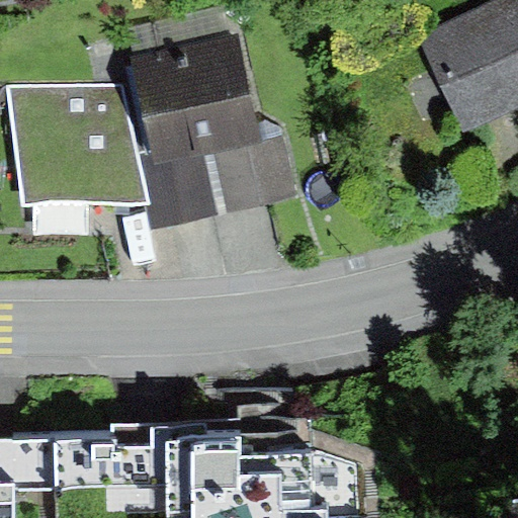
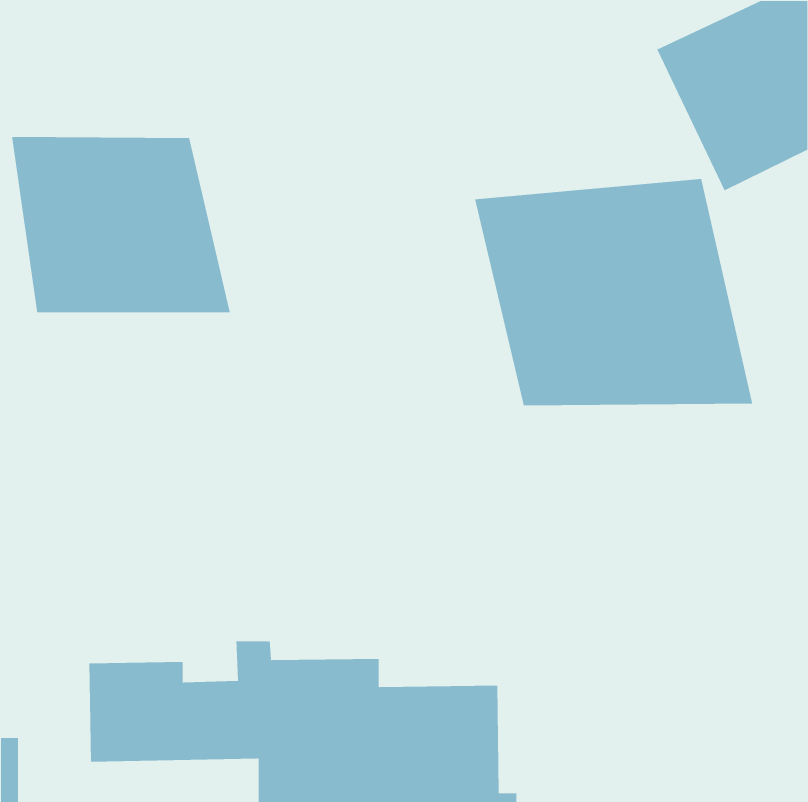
building: [137,36,297,227] -> none
building: none -> [474,178,753,406]

